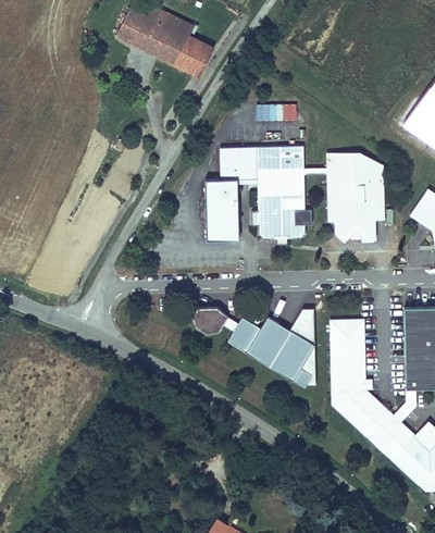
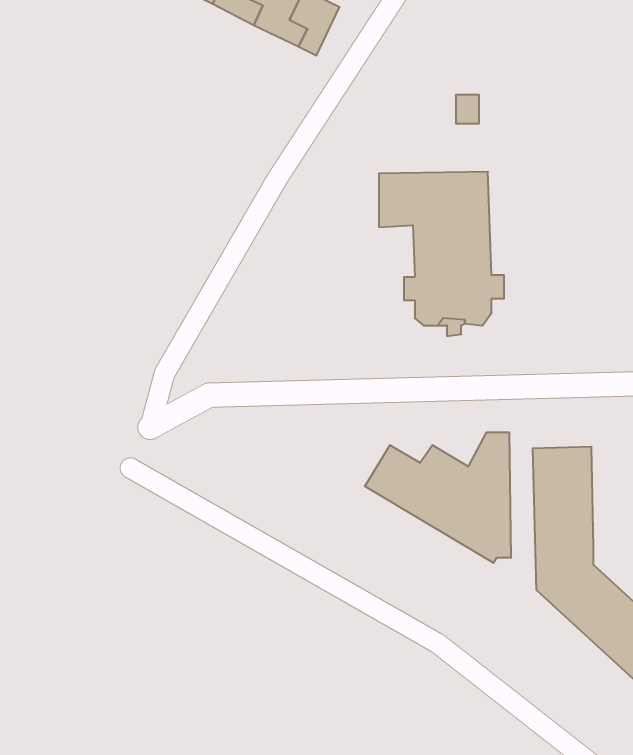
building: [203,150,236,243] -> none
building: [327,152,384,246] -> none
building: [192,306,227,334] -> none

